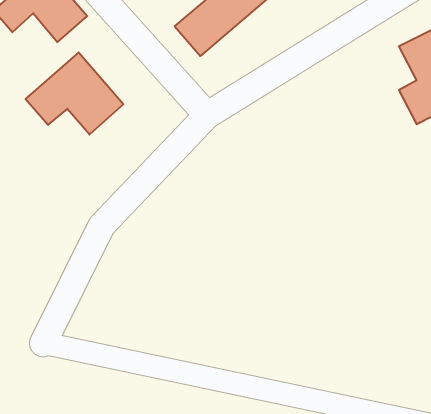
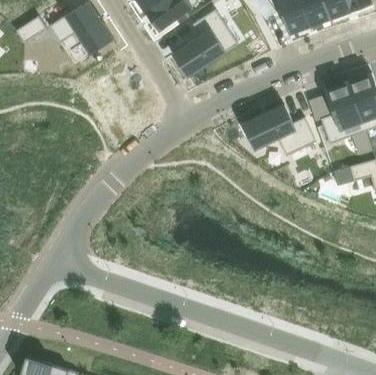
building: [26,52,123,135] -> none
building: none -> [242,105,316,156]

